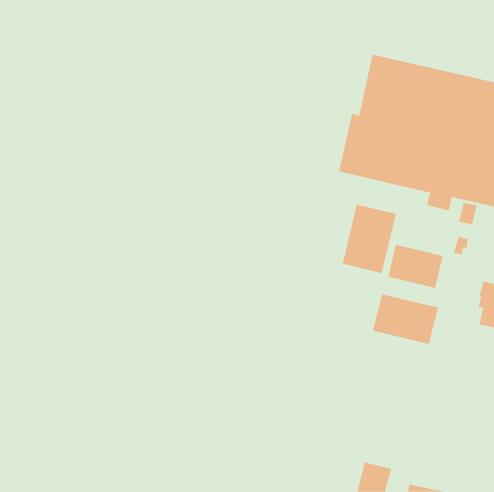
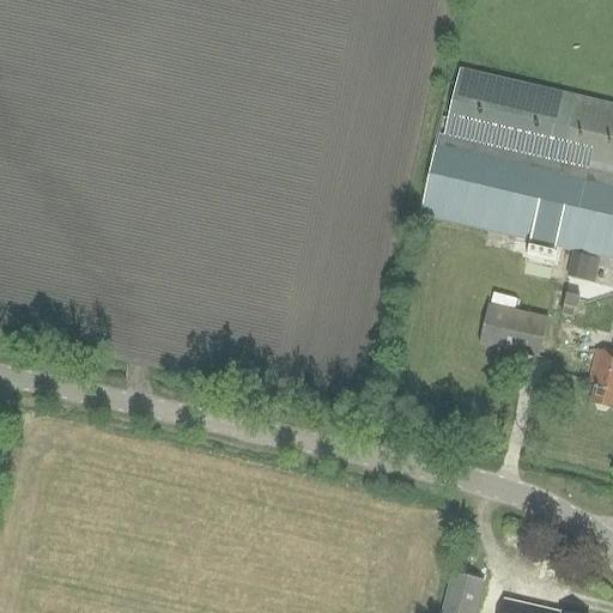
building: [342,204,396,274] -> none
building: [372,294,439,345] -> none

